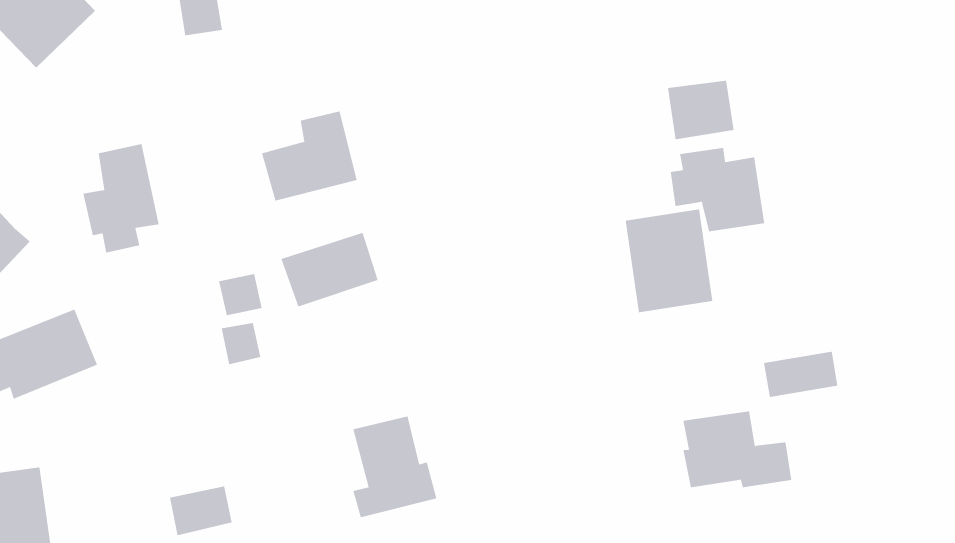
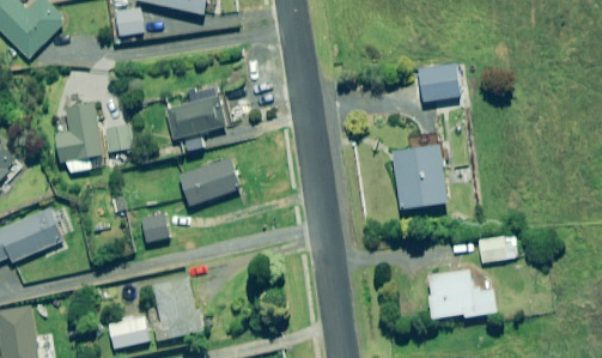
building: [670,147,765,232] -> none
building: [218,273,263,316] -> [105,125,133,151]
building: [353,416,437,518] -> [153,278,206,341]

